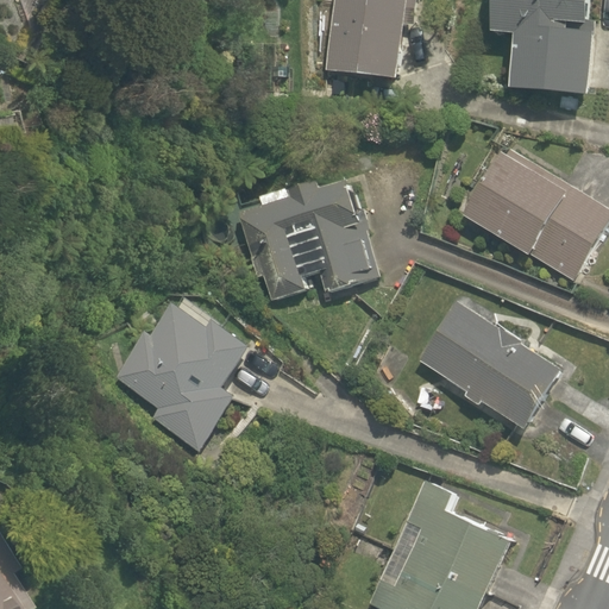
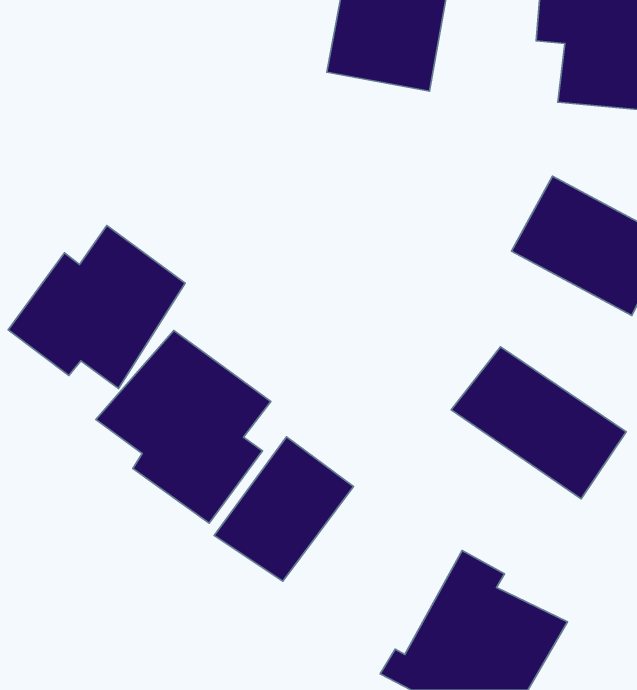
building: [227,181,364,291] -> none
building: none -> [8,226,185,388]
building: none -> [214,437,354,581]

